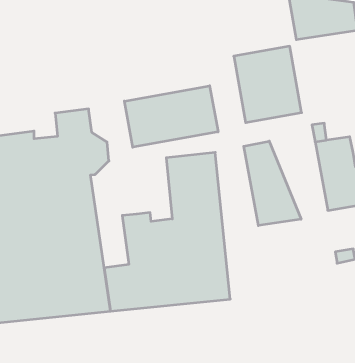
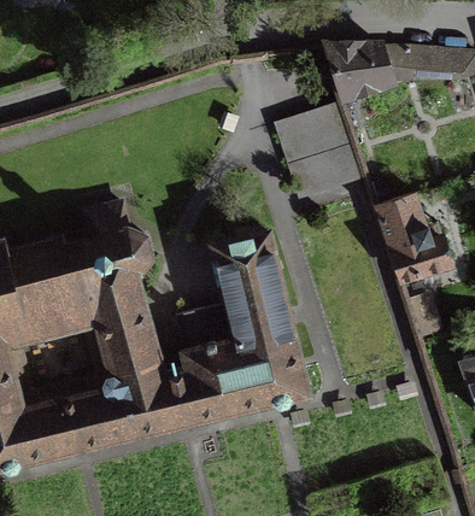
building: [124,86,218,147] -> none
building: [244,141,301,226] -> none

